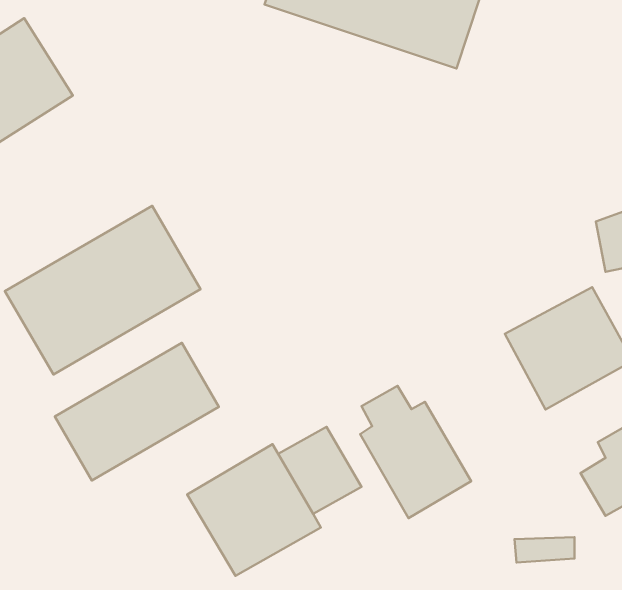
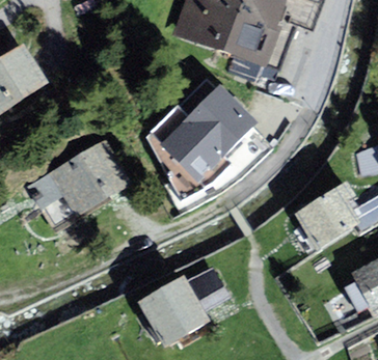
building: none -> [143,85,268,200]
building: [55,343,219,480] -> none
building: [360,386,471,518] -> none

